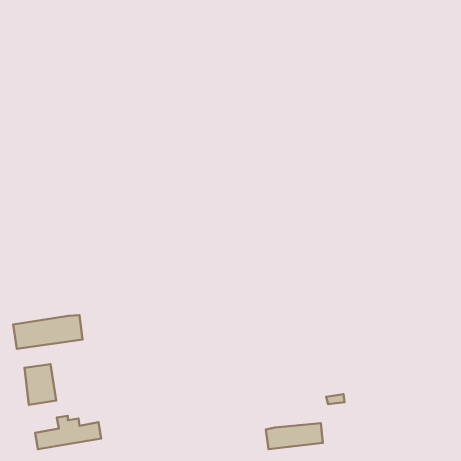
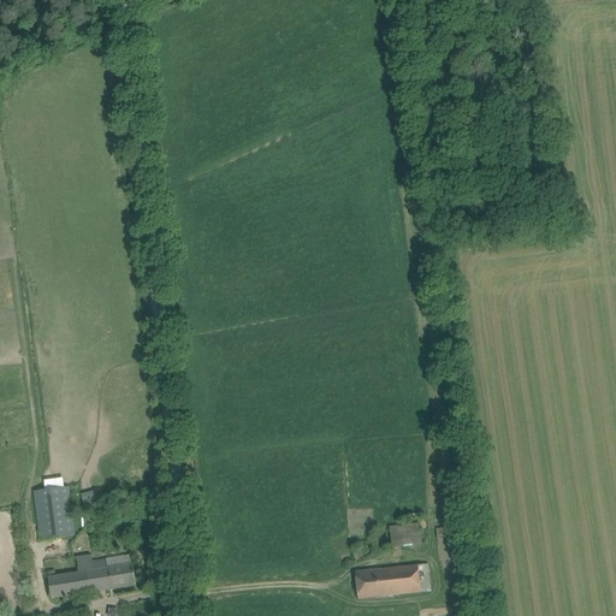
building: [13,315,82,349] -> none
building: none -> [387,522,420,546]

